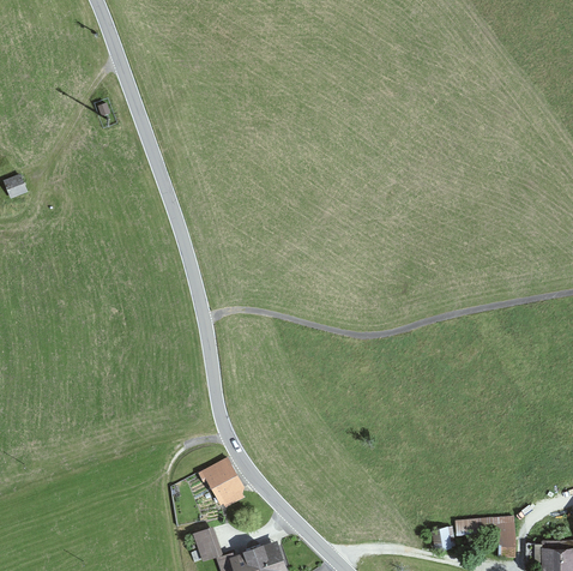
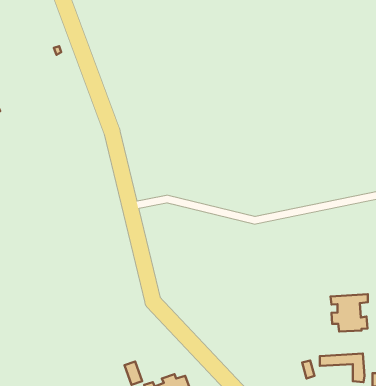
building: none -> [330,294,368,332]
building: [201,461,245,504] -> none

